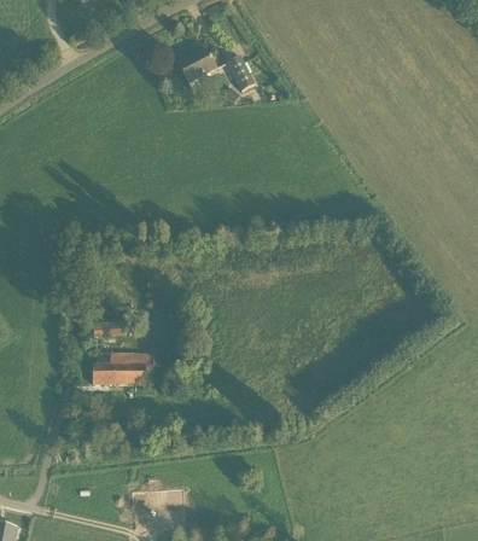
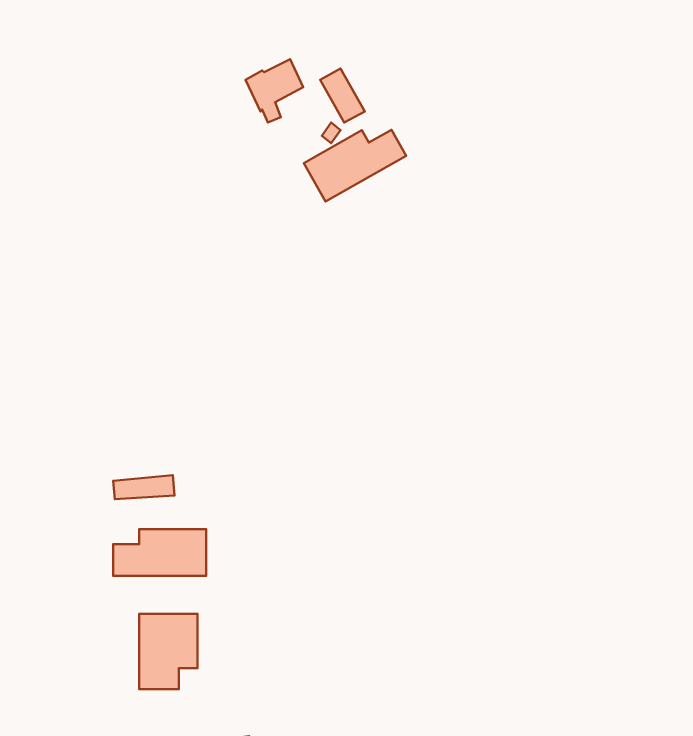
building: none -> [304,130,406,201]
building: none -> [139,614,197,689]

